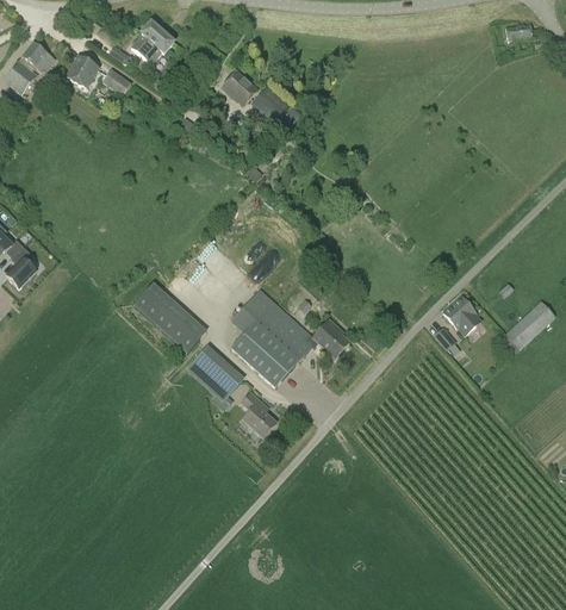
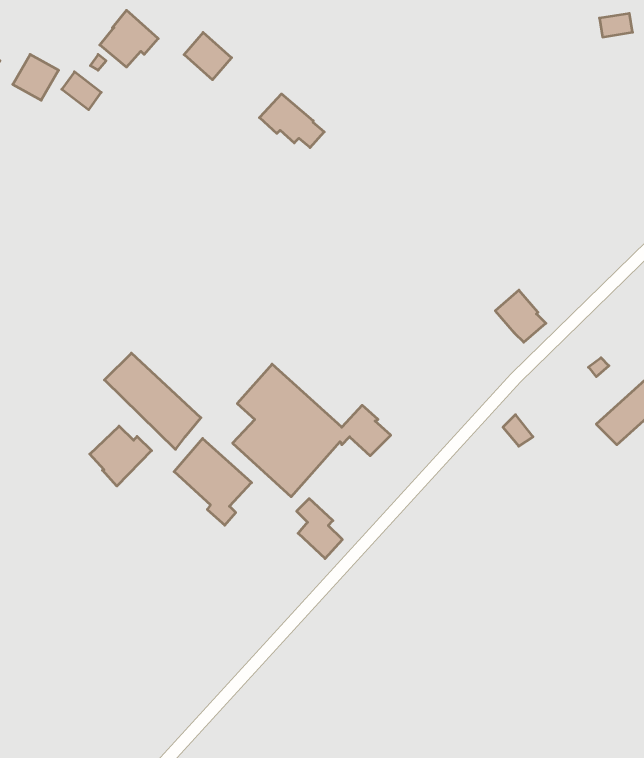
building: [222,70,257,106] -> [184,32,232,80]
building: [443,297,481,336] -> [495,290,546,342]
building: none -> [90,426,152,486]
building: [241,392,275,437] -> [297,499,342,559]

